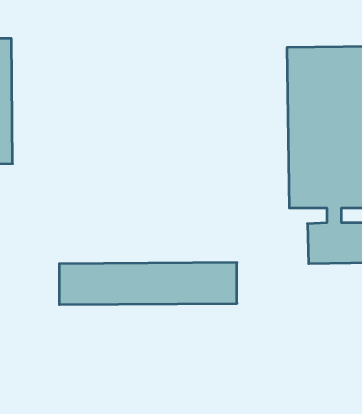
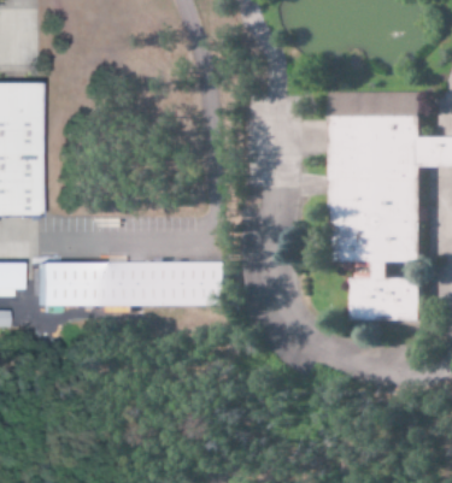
building: [59,263,237,305] -> [41,263,229,307]

